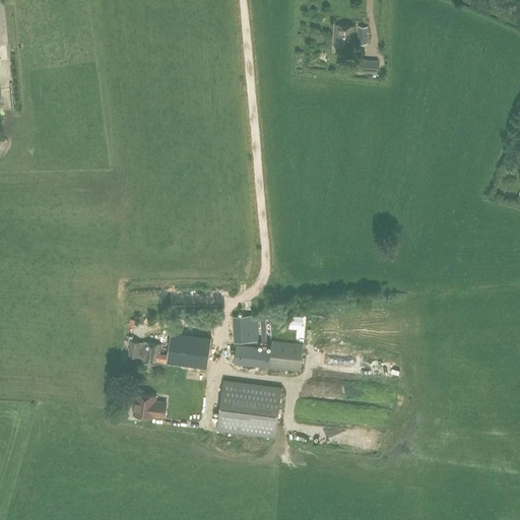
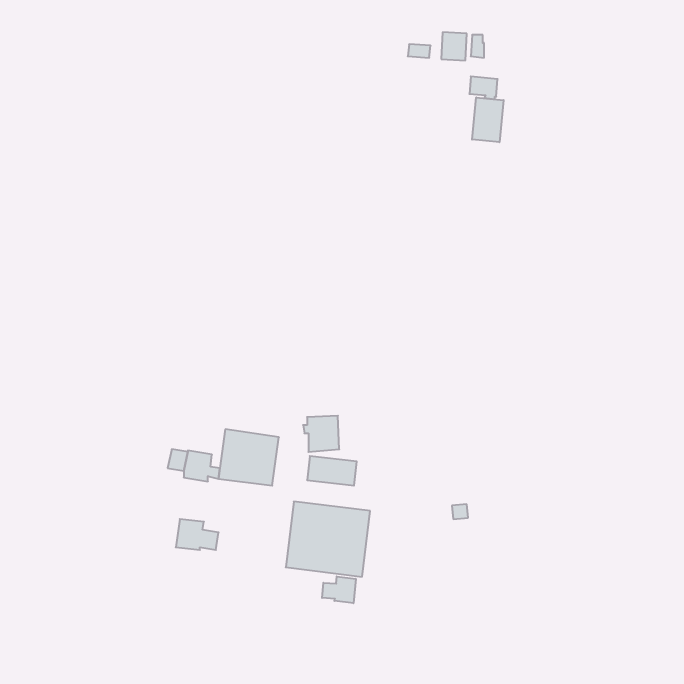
building: none -> [472,97,504,142]
building: [268,341,303,373] -> none
building: none -> [322,576,356,603]

